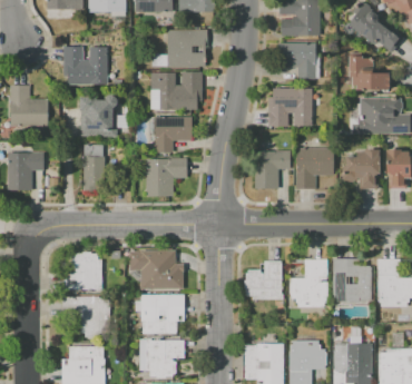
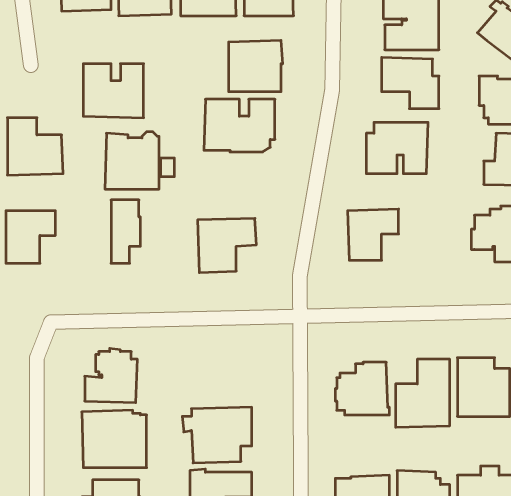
building: [156,117,192,152] -> none
building: [296,148,334,188] -> none
building: [129,249,185,289] -> none

